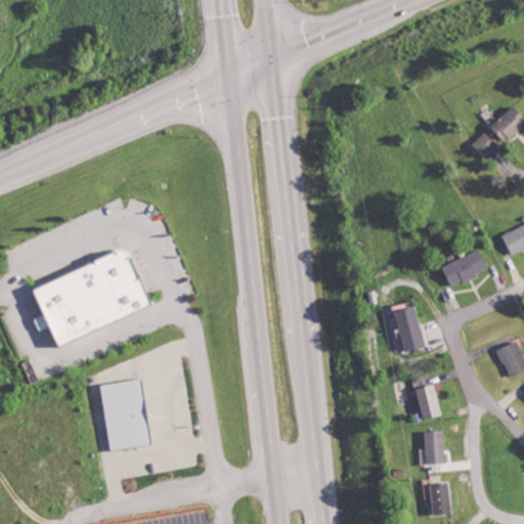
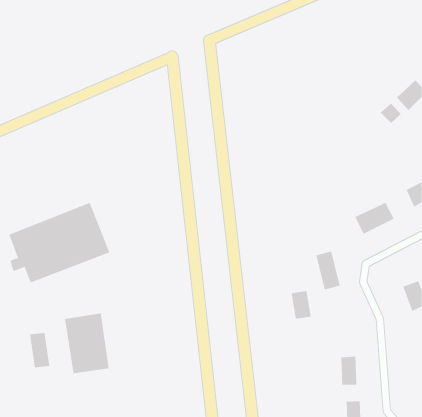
building: [414,385,439,419] -> [291,291,312,319]
building: none -> [29,332,50,368]

